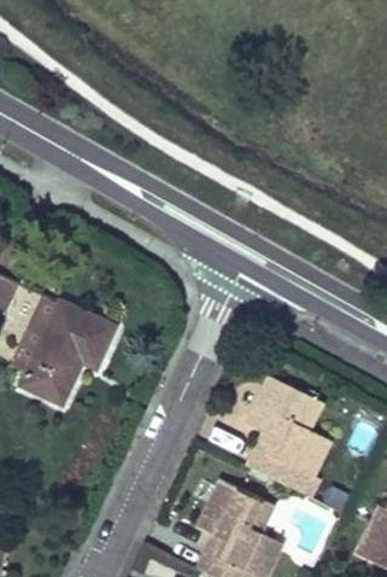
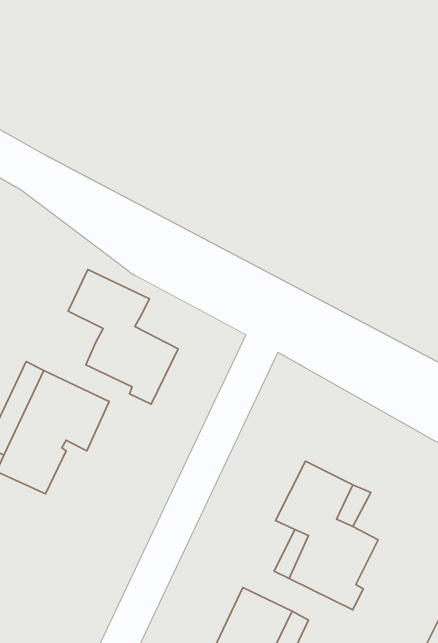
building: none -> [68,270,178,404]

